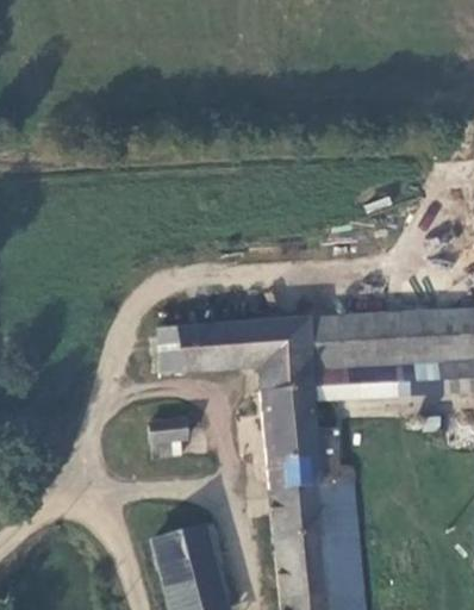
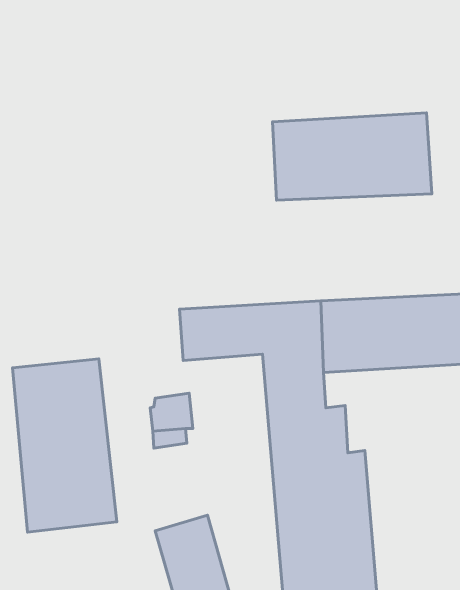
building: none -> [273,113,432,200]
building: none -> [12,359,117,532]

